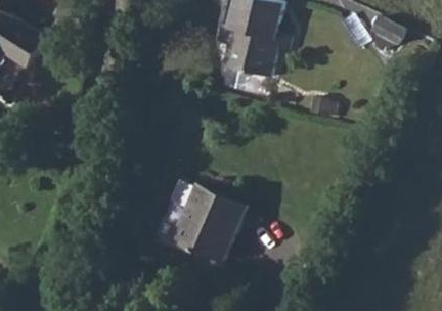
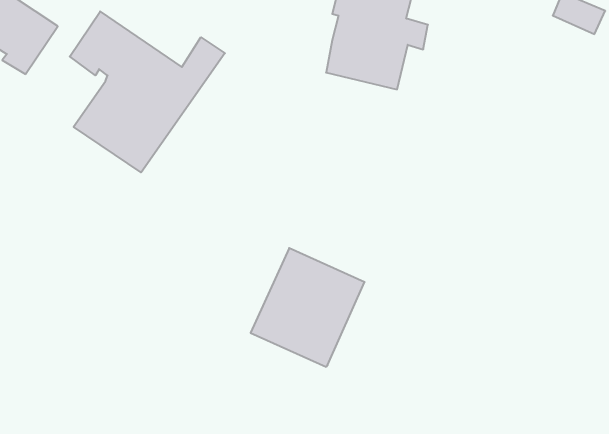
building: none -> [70,11,225,172]

